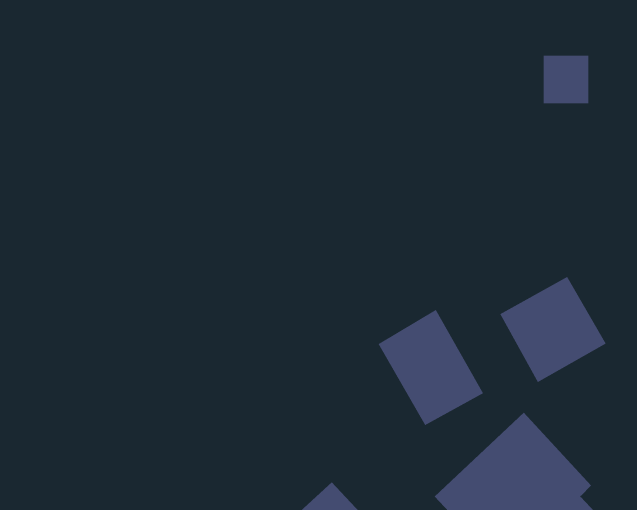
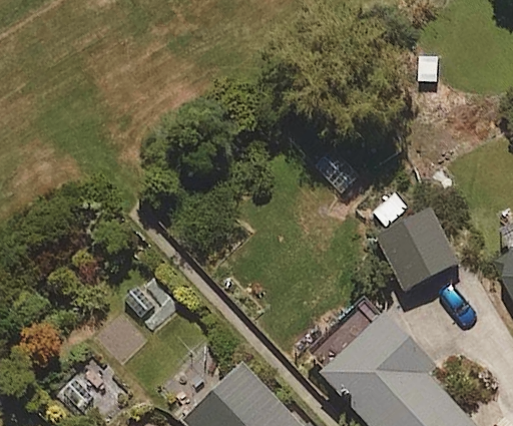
building: [378,309,484,426] -> none

